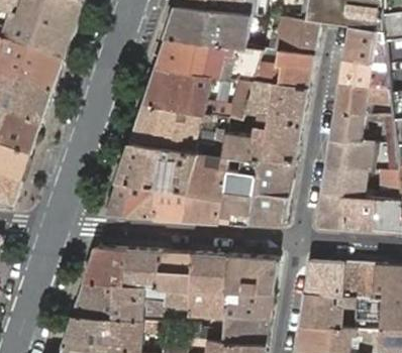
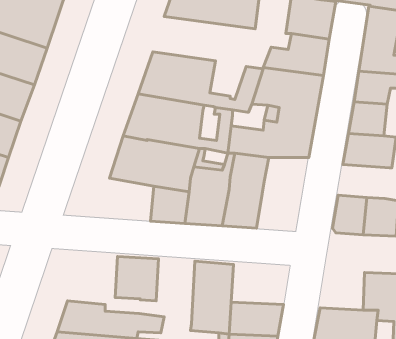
building: [157,34,266,81] -> none
building: [248,159,295,224] -> none
building: [321,165,367,196] -> none
building: [107,178,158,216] -> none
building: [81,245,145,298] -> none
building: [160,249,194,307] -> none
building: [226,254,278,289] -> none
building: [305,259,344,295] -> none

